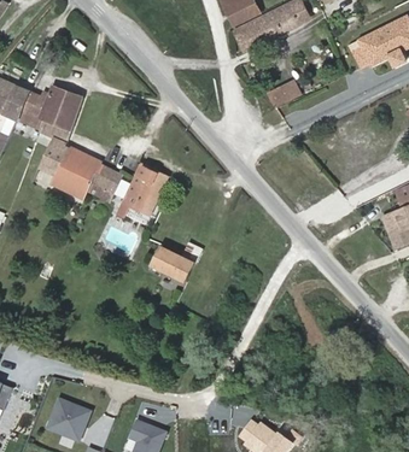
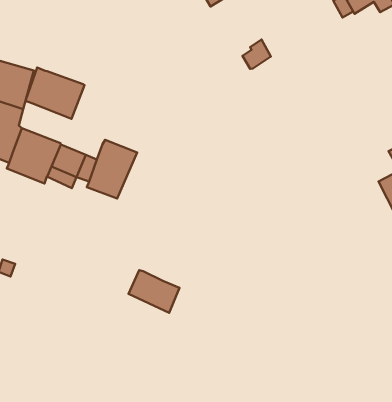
building: none -> [25,68,84,119]
building: [150,243,195,283] -> [129,270,180,313]

